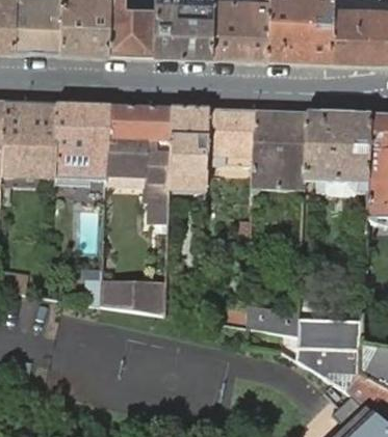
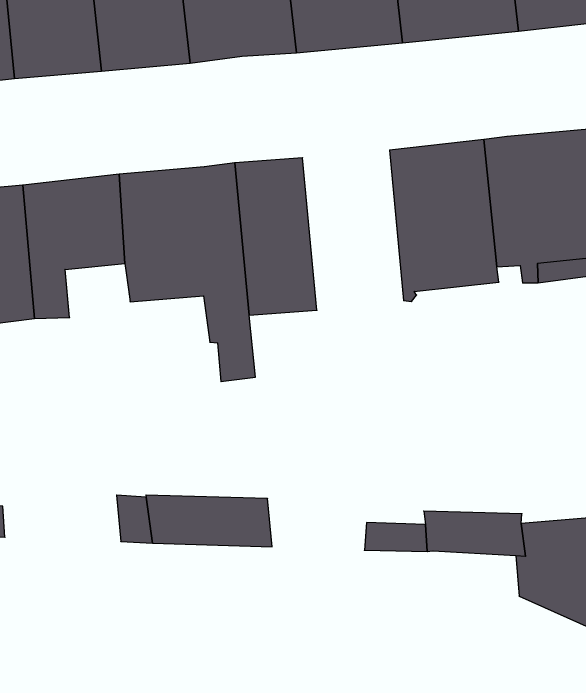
building: [203,111,254,204] -> none
building: [72,154,105,182] -> none

